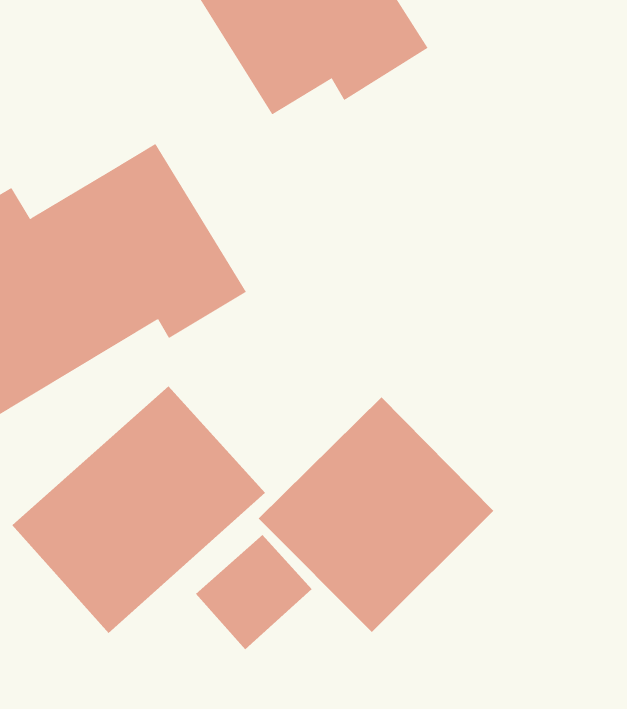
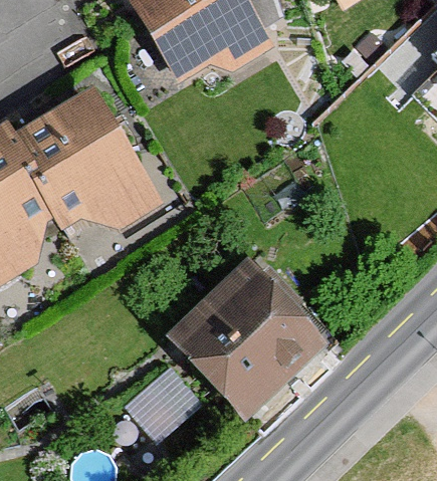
building: [12,386,266,634] -> none

